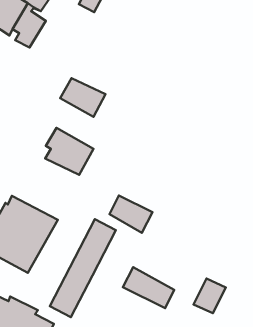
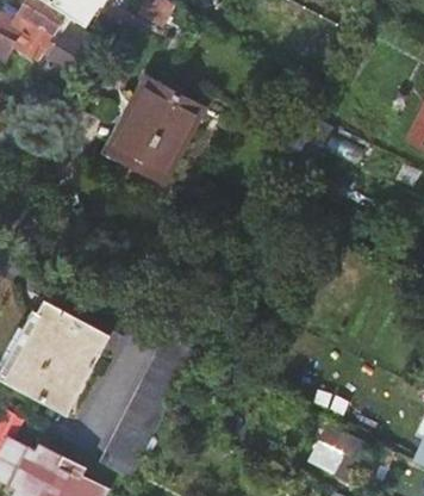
building: [45,128,94,175] -> [131,79,202,148]
building: [110,196,153,233] -> none
building: [123,267,174,308] -> none

